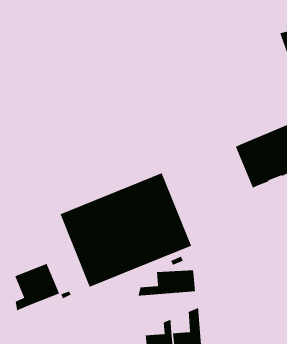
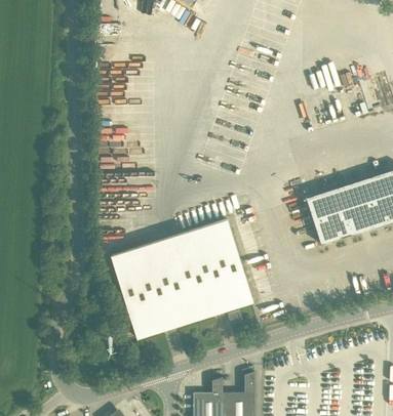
building: [14,263,60,312] -> none
building: [137,269,196,296] -> none

